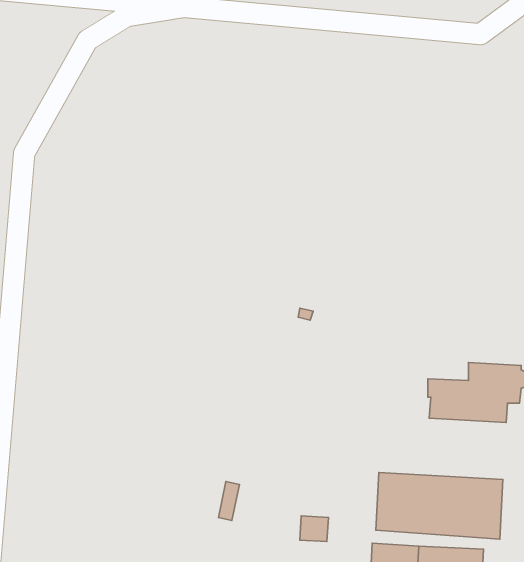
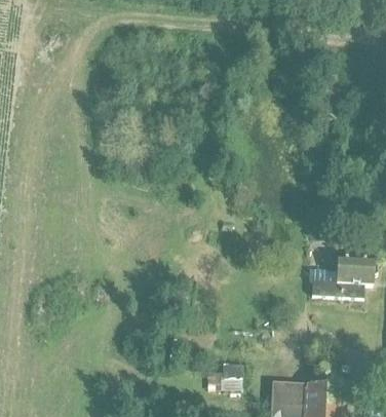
building: [376,472,503,539] -> none

